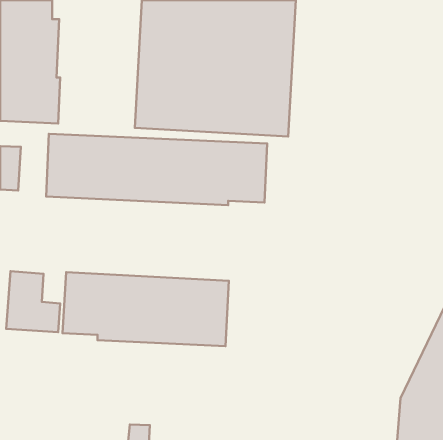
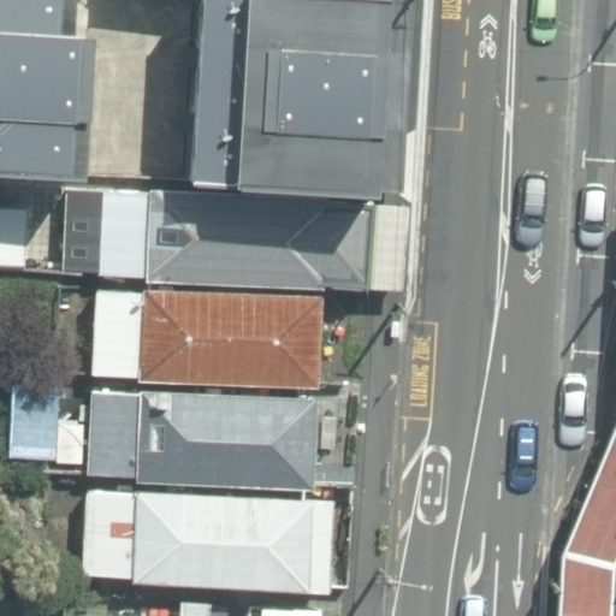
building: none -> [95,292,322,387]
building: none -> [83,493,312,590]

